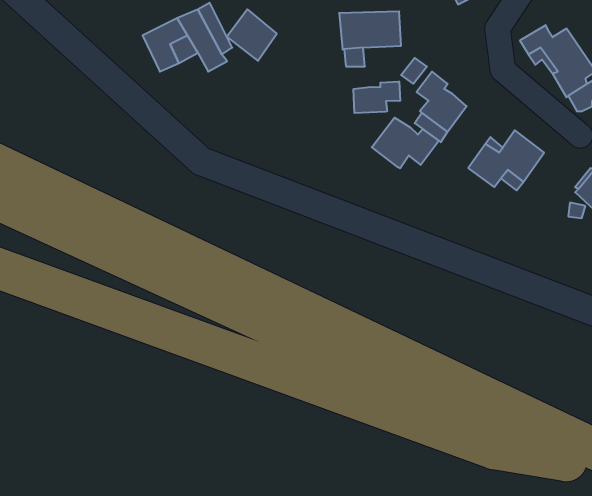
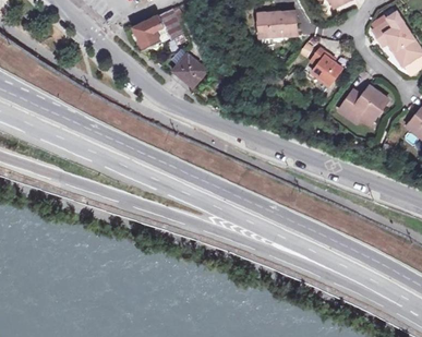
building: [227,9,277,61] -> [171,52,203,85]
building: [354,81,400,113] -> none
building: [372,118,439,168] -> none

